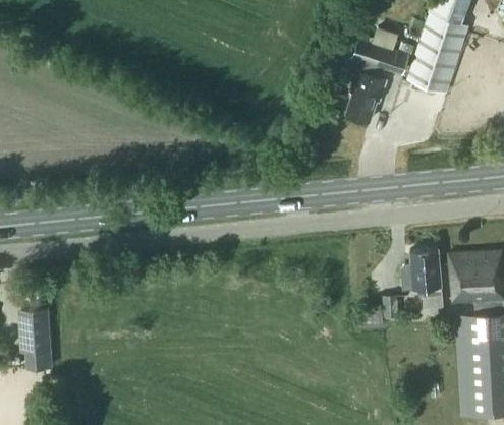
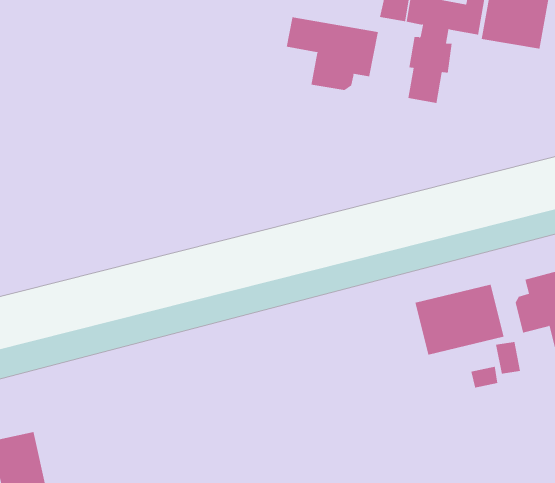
building: none -> [286,17,378,91]
building: none -> [415,284,504,356]

